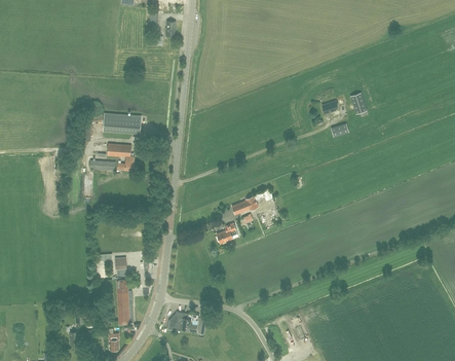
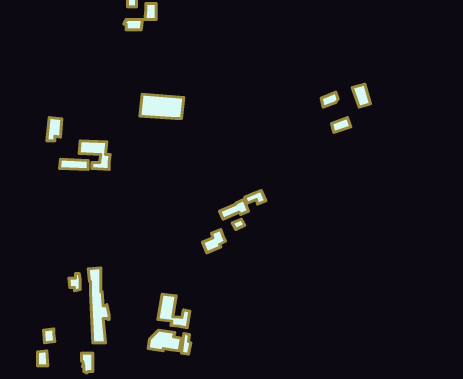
building: [102,111,141,133] -> [140,94,184,118]
building: none -> [158,294,190,328]

